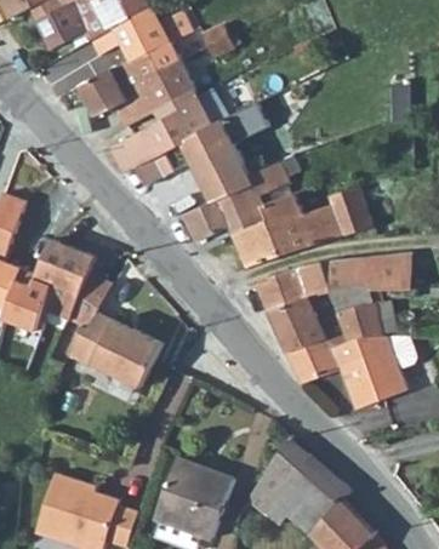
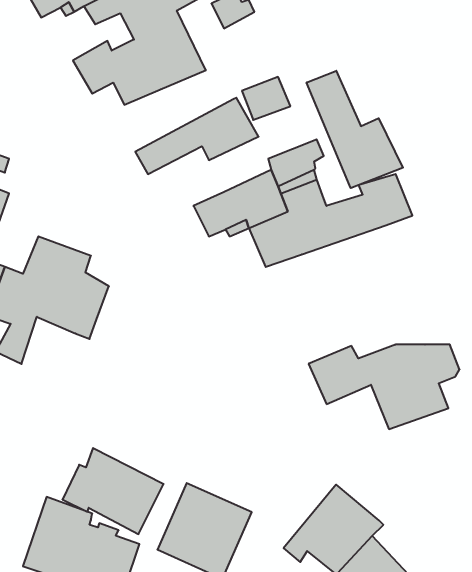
building: [108,91,220,171] -> none
building: none -> [307,71,403,188]
building: [198,153,252,201] -> none
building: [256,252,407,351] -> none
building: [73,313,161,388] -> [62,448,164,534]
building: [249,441,309,513] -> none

